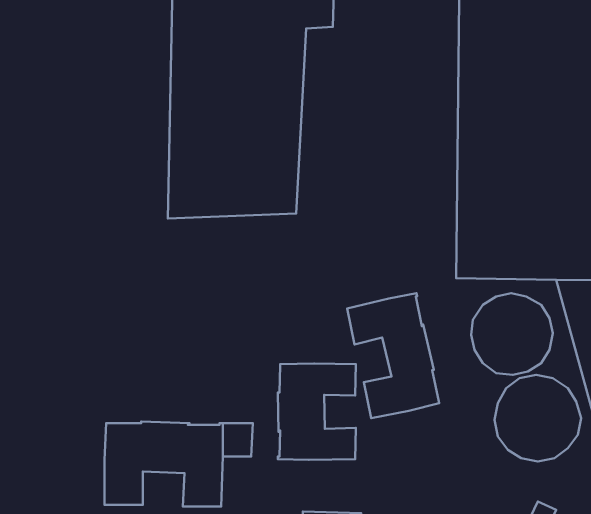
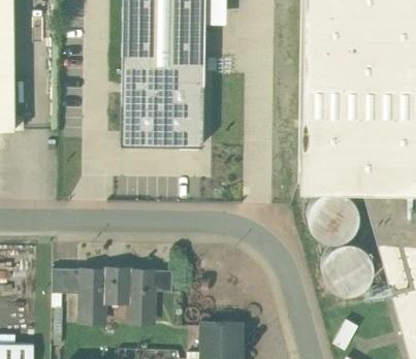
building: [347,293,439,418] -> none
building: [278,363,356,460] -> none
building: none -> [53,267,84,292]

